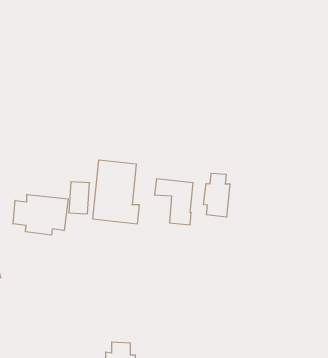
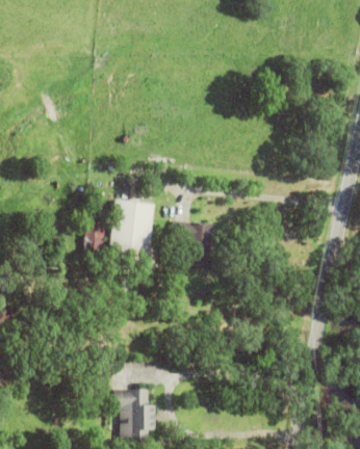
building: [204,173,230,217] -> none
building: [13,194,68,235] -> none

